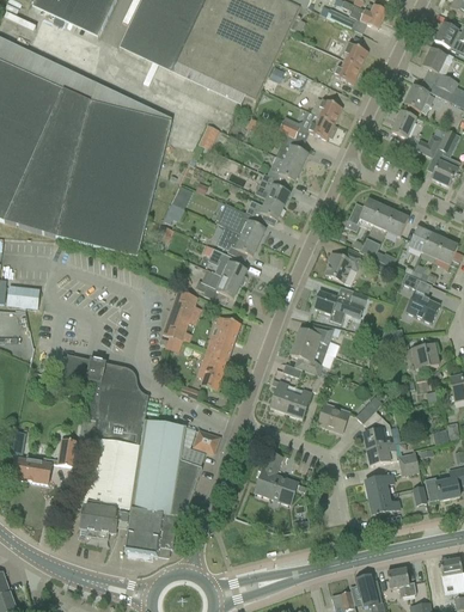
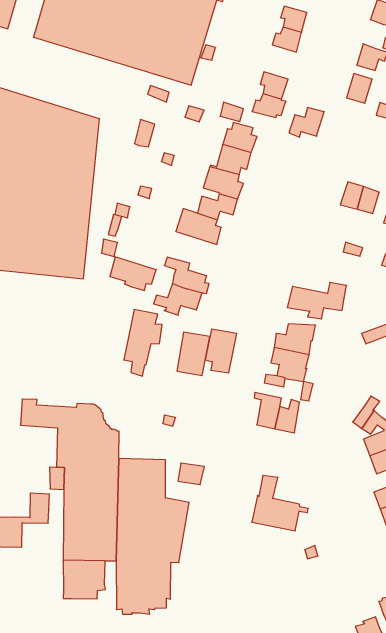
building: [348,198,381,225] -> [289,107,324,137]
building: [216,226,258,259] -> [110,257,156,291]
building: [324,249,362,282] -> none
building: [197,349,228,390] -> [205,329,237,373]
building: [318,403,349,432] -> none

